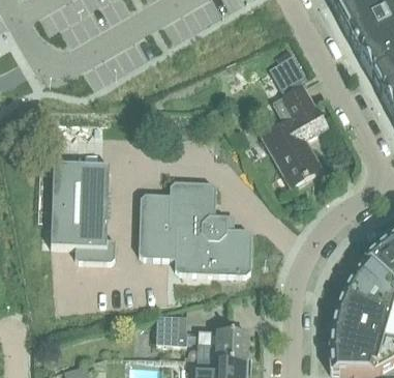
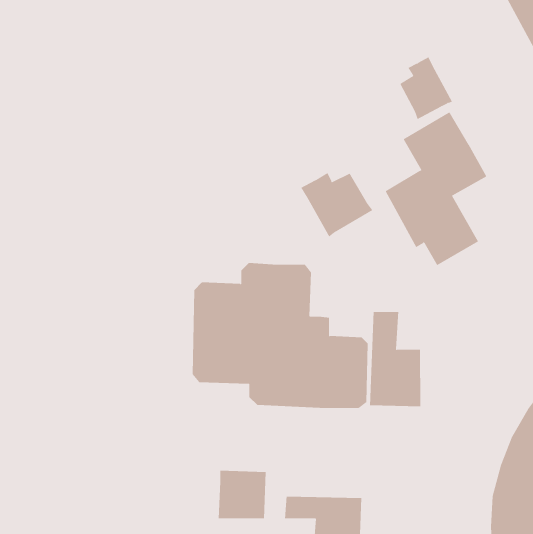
building: none -> [301,172,373,237]
building: [52,163,115,261] -> none
building: none -> [369,311,421,407]

